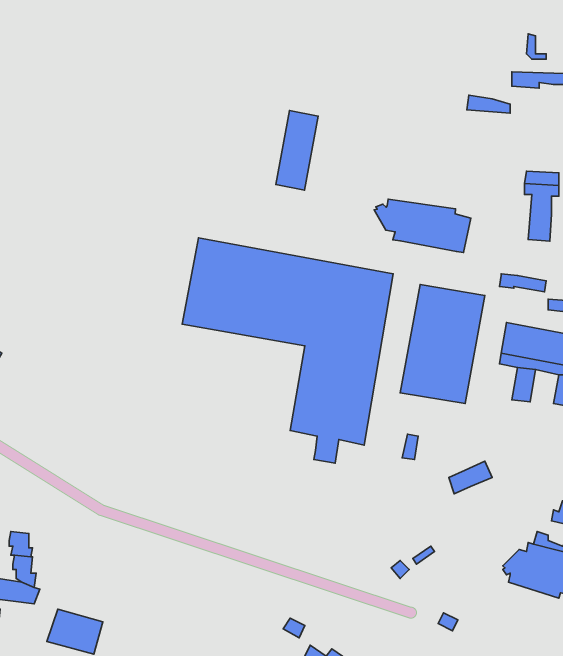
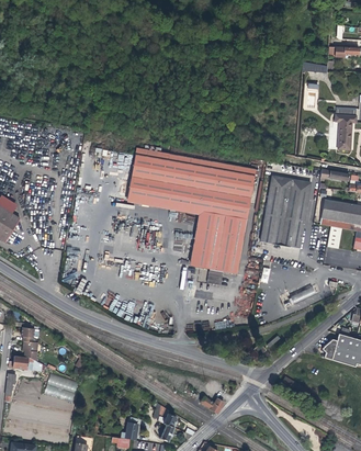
building: [276,111,318,190] -> none
building: [374,199,471,252] -> none

